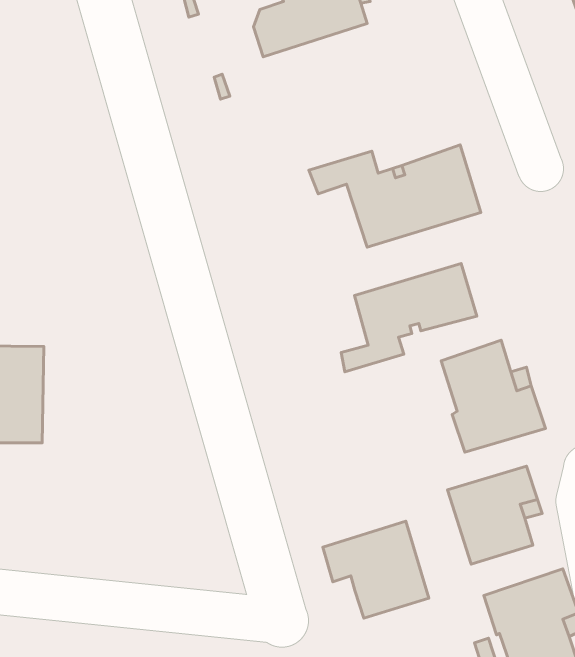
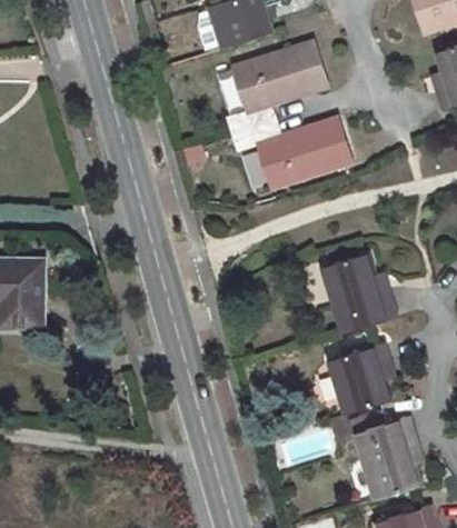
building: none -> [216,42,327,135]
building: [341,264,477,372] -> none
building: [323,521,429,618] -> none

